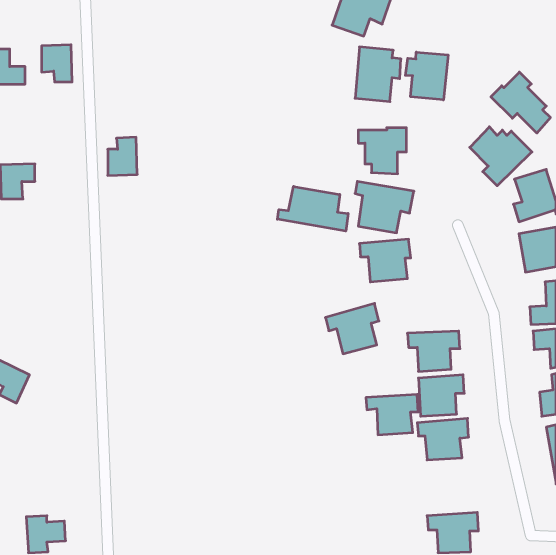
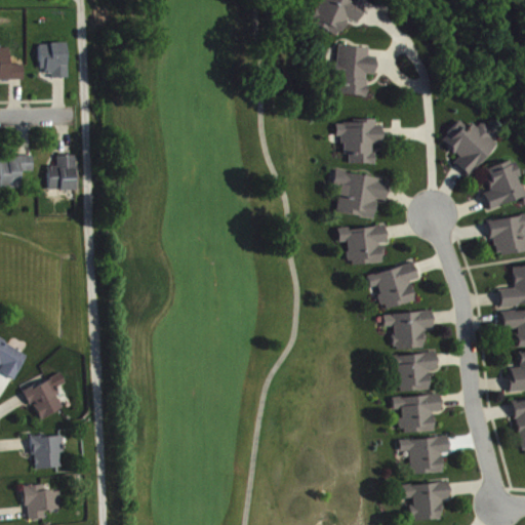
building: [405,52,448,100] -> none
building: [491,72,550,133] -> none
building: [108,137,137,175] -> [48,154,76,190]
building: [277,186,348,231] -> none
building: [325,303,379,354] -> [366,261,416,309]
building: [366,394,418,435] -> [399,436,448,474]
building: none -> [23,372,66,418]
building: none -> [32,434,63,468]

